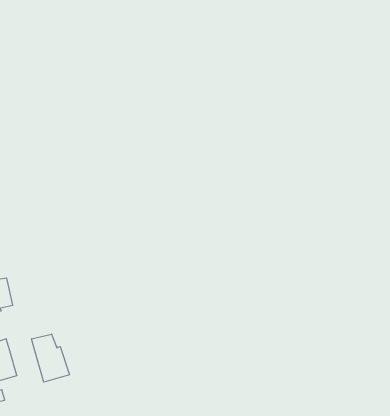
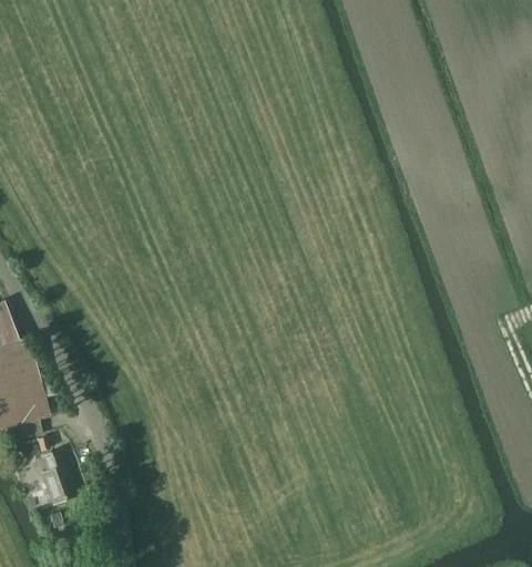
building: [32,334,69,382] -> none

